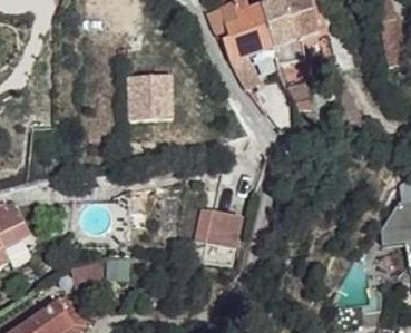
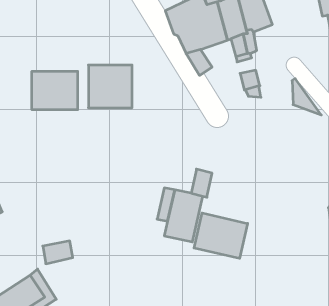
building: none -> [32,71,78,110]
building: none -> [194,213,248,258]

